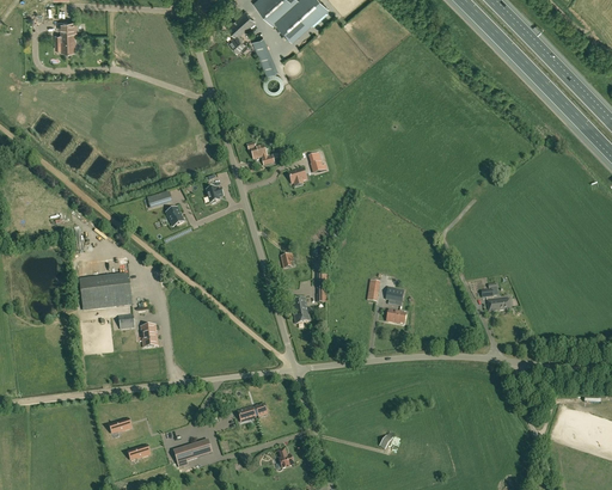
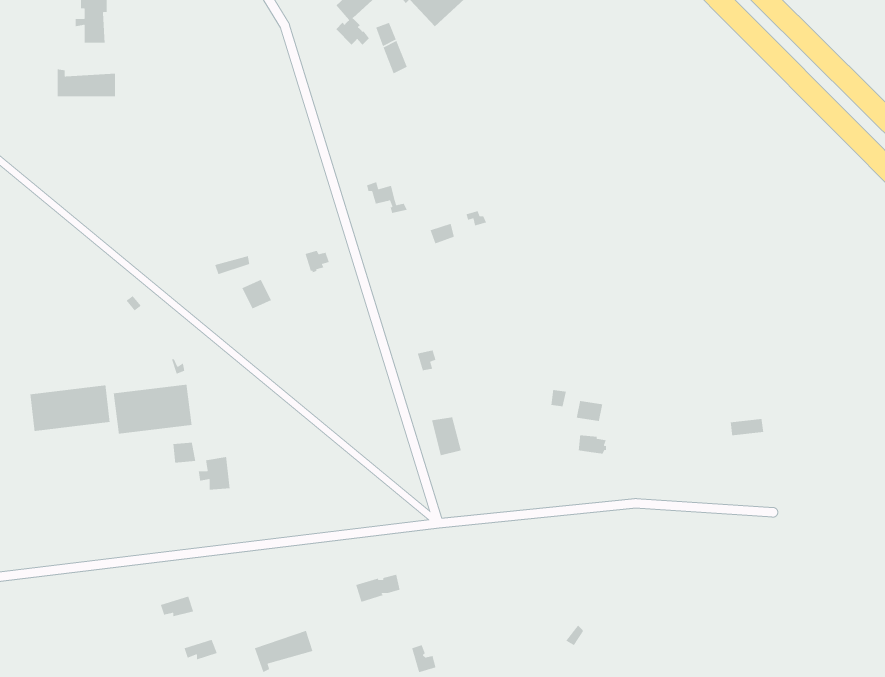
building: none -> [57,69,116,97]
building: none -> [29,384,110,432]

